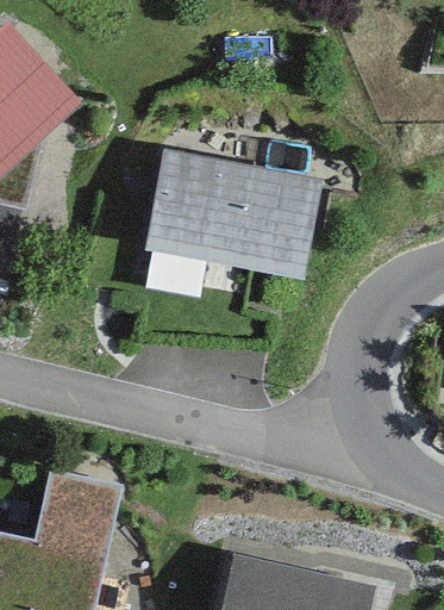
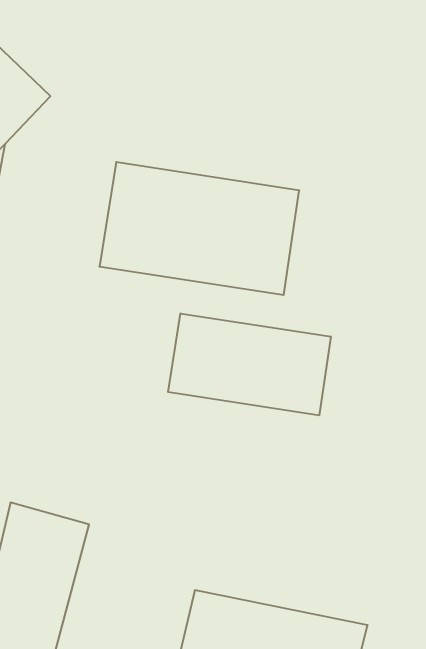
building: none -> [168,313,331,415]

